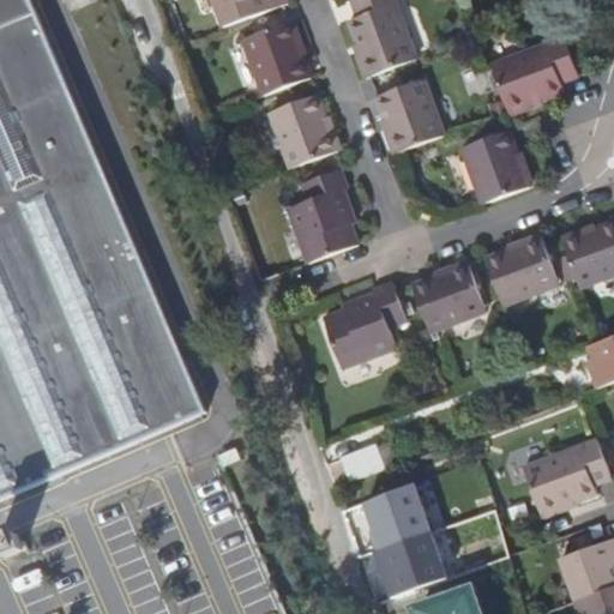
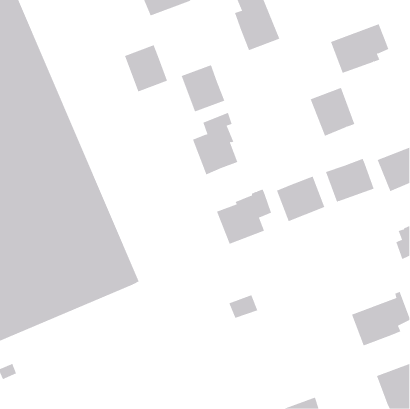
building: [241,23,306,94] -> [124,45,168,92]
building: [377,79,444,151] -> none
building: [363,477,450,591] -> none

